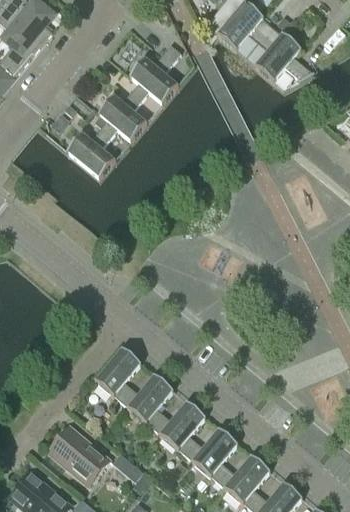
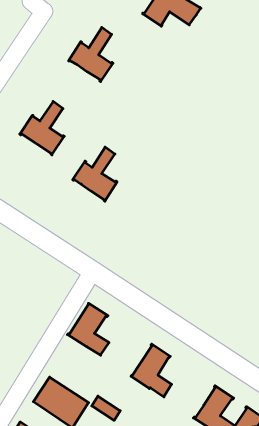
building: [254,32,314,81] -> none
building: [98,81,148,141] -> [73,147,117,201]
building: [127,374,173,433] -> none
building: [191,427,237,487] -> none

